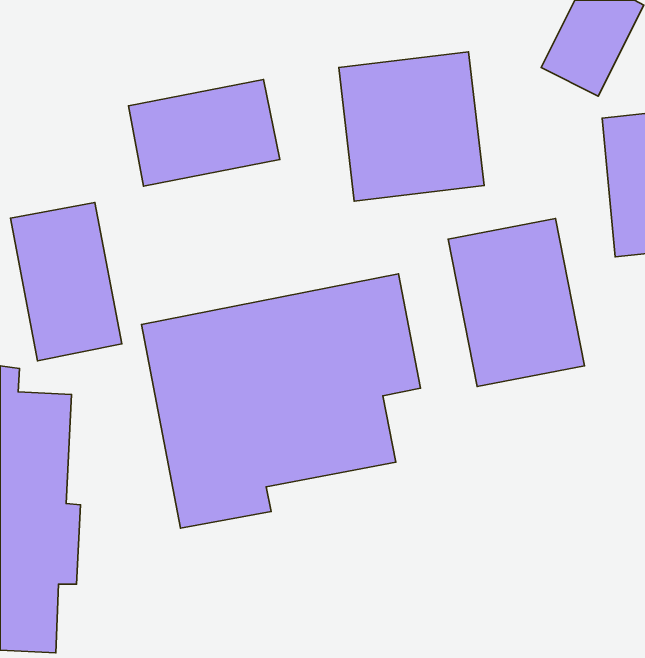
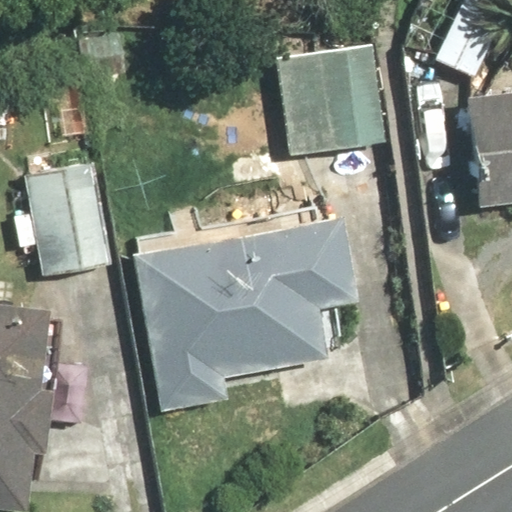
building: [128,80,280,186] -> none
building: [448,219,584,386] -> none

